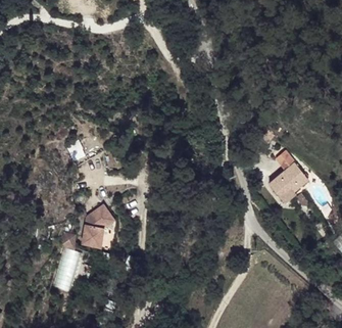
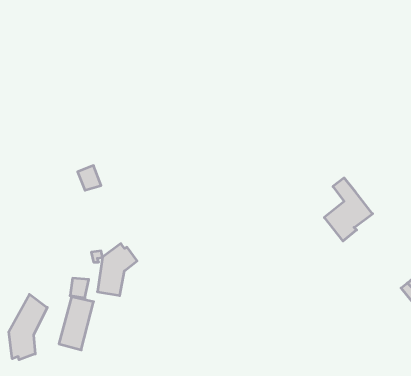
building: none -> [9,294,47,360]

